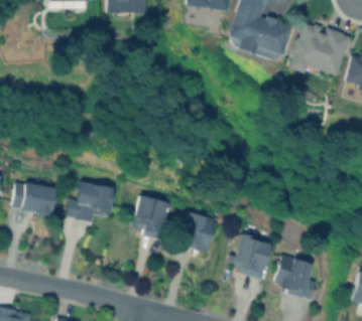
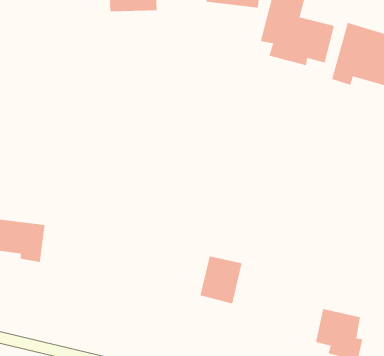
building: [66,182,114,221] -> none
building: [131,195,168,238] -> none
building: [227,235,270,279] -> none

